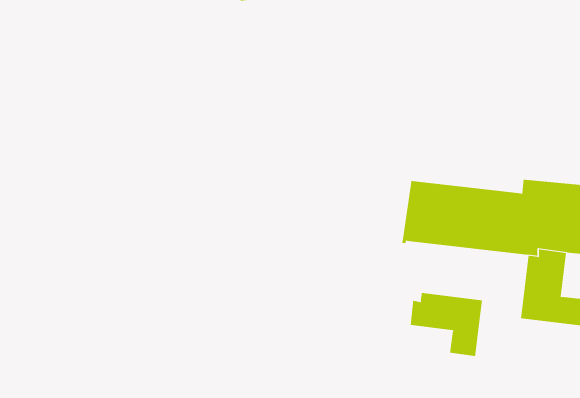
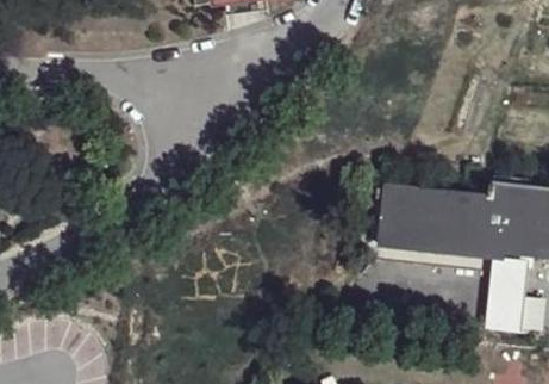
building: [410,292,483,357] -> none

